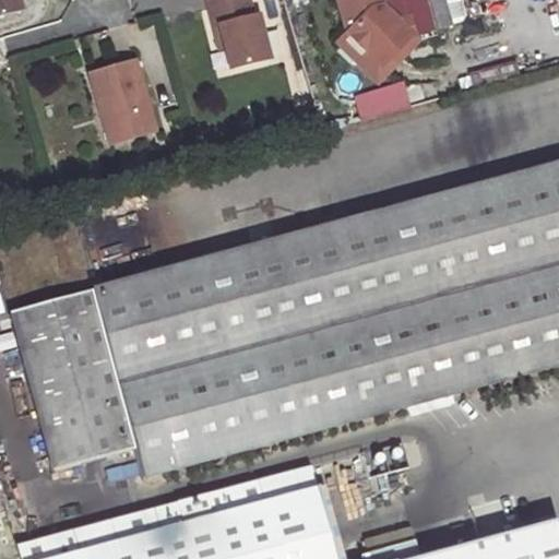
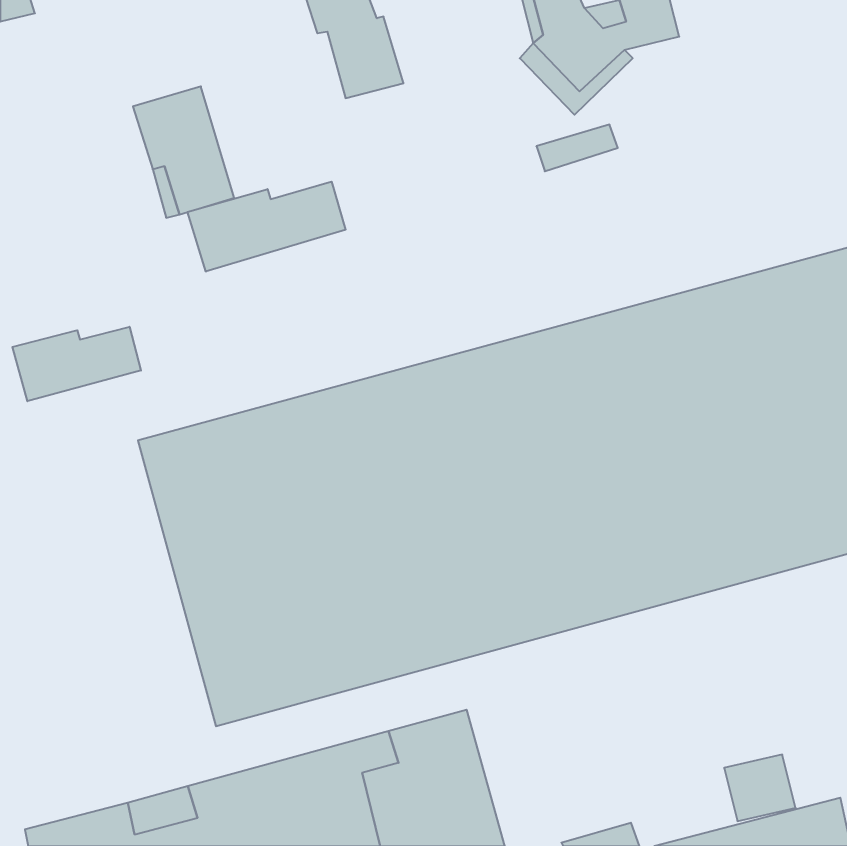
building: none -> [188,182,346,272]
building: none -> [12,327,141,401]
building: [11,289,135,469] -> none

